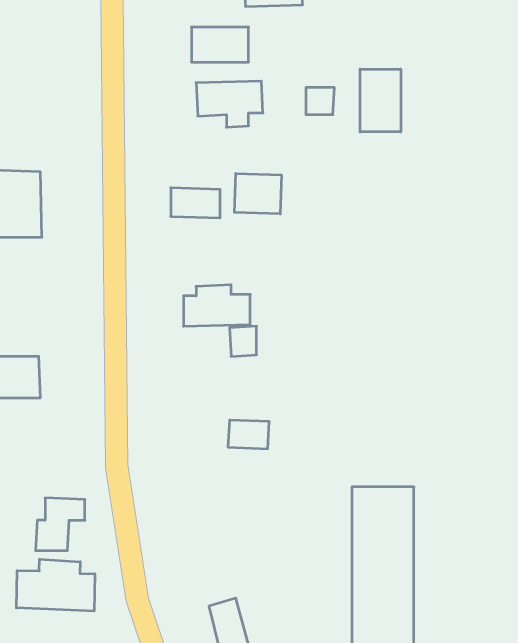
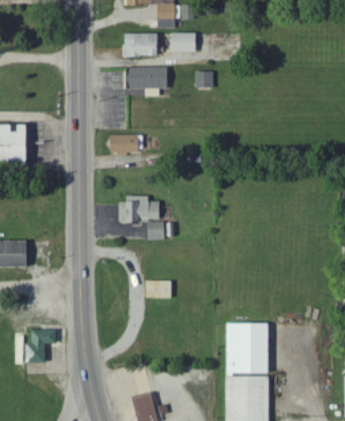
building: none -> [172,32,196,51]
building: [360,69,401,132] -> none
building: [234,173,281,214] -> none
building: [16,559,95,611] -> none

